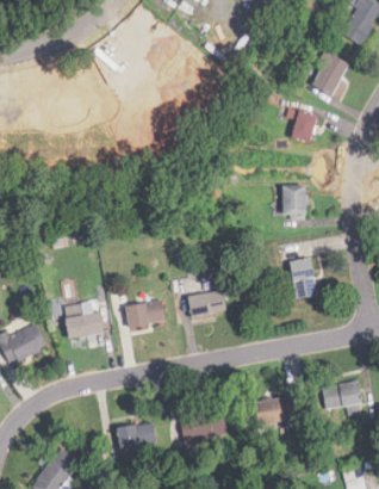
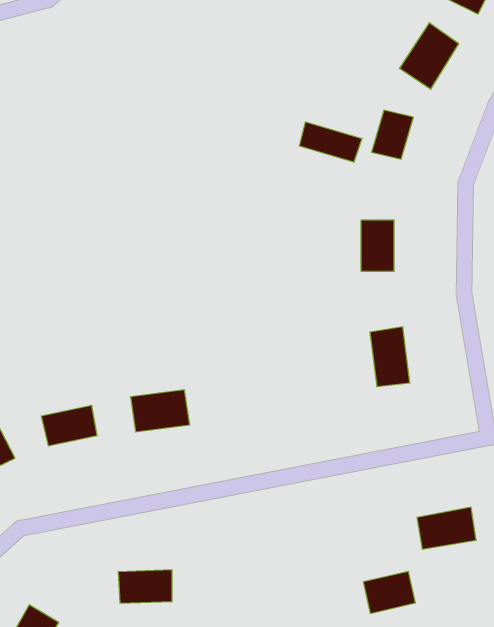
building: none -> [300,122,362,162]
building: [188,290,228,318] -> none
building: [256,397,292,426] -> [363,571,416,613]
building: [179,408,228,444] -> none

